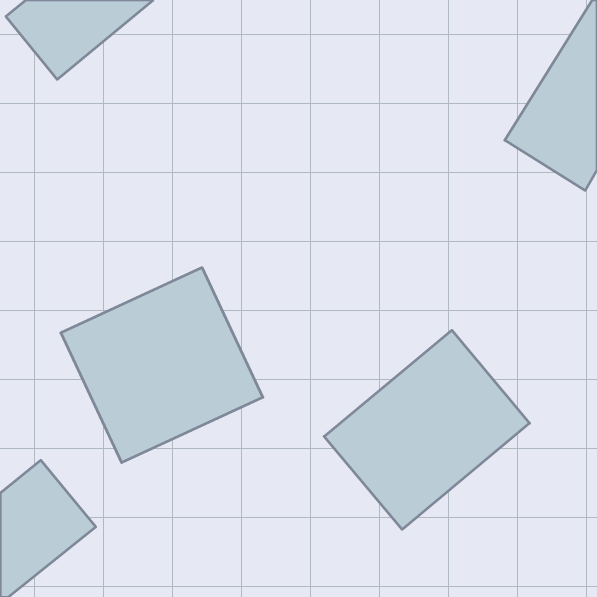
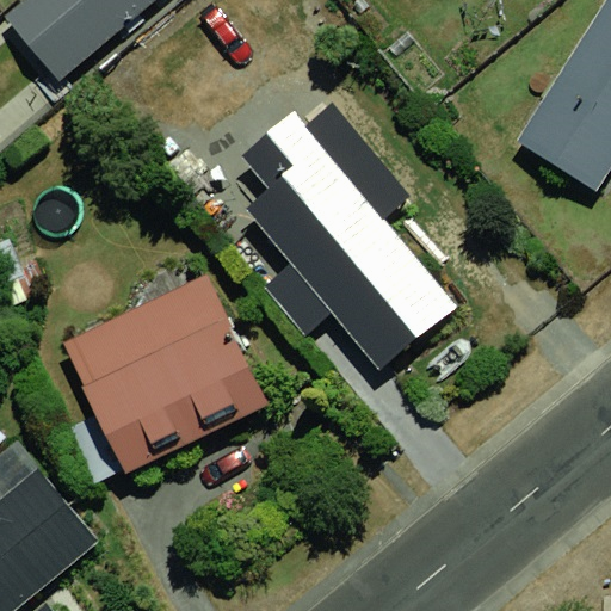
building: none -> [242,113,455,369]
building: [324,330,530,529] -> none

